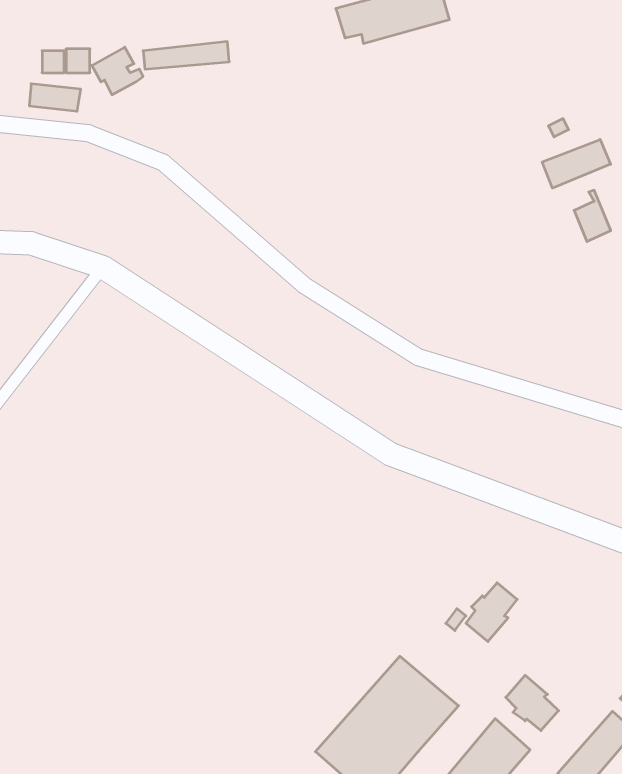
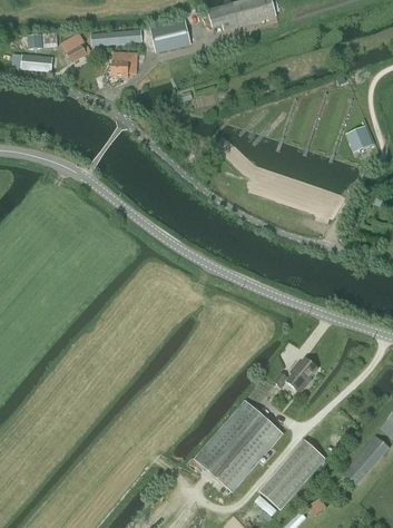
building: none -> [149,19,190,50]
building: none -> [111,51,137,76]
building: [542,139,611,188] -> none
building: [506,675,559,731] -> none

